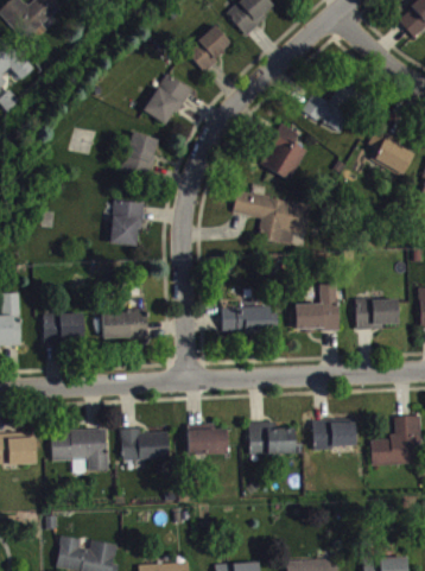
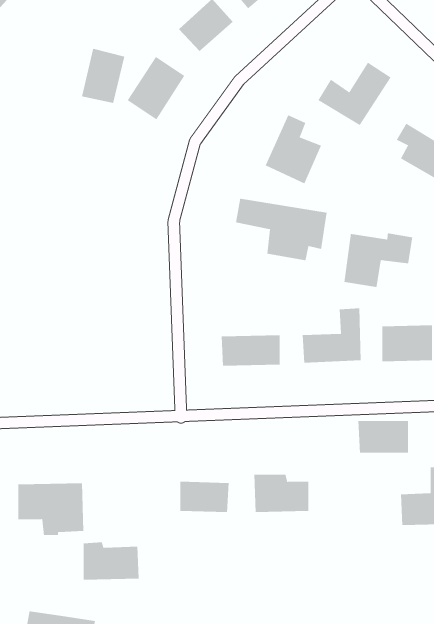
building: [122,131,159,177] -> [81,48,125,104]
building: [110,199,144,246] -> none
building: none -> [344,232,413,288]
building: [103,310,148,338] -> none
building: [44,312,84,343] -> none
building: [313,420,356,448] -> [358,420,409,453]
building: [122,427,170,459] -> [83,542,140,580]

